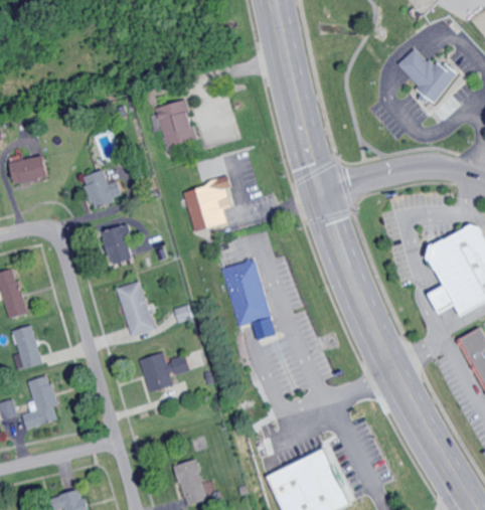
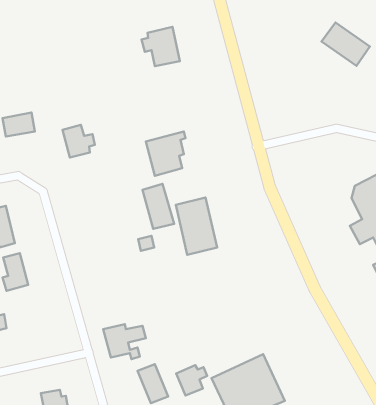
building: [148,100,194,147] -> [142,27,180,66]
building: [105,225,134,265] -> none
building: [117,281,155,335] -> [142,184,174,229]
building: [140,352,191,394] -> [103,324,146,359]
building: [18,375,56,429] -> none
building: none -> [176,365,207,396]

